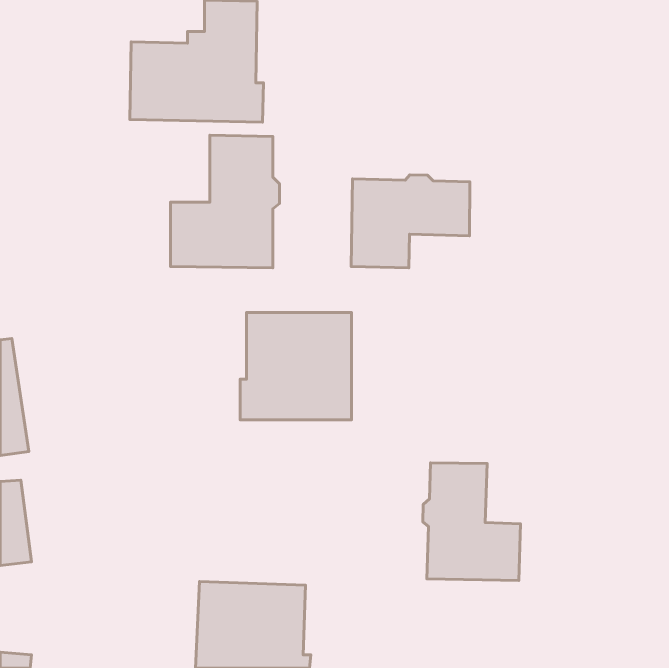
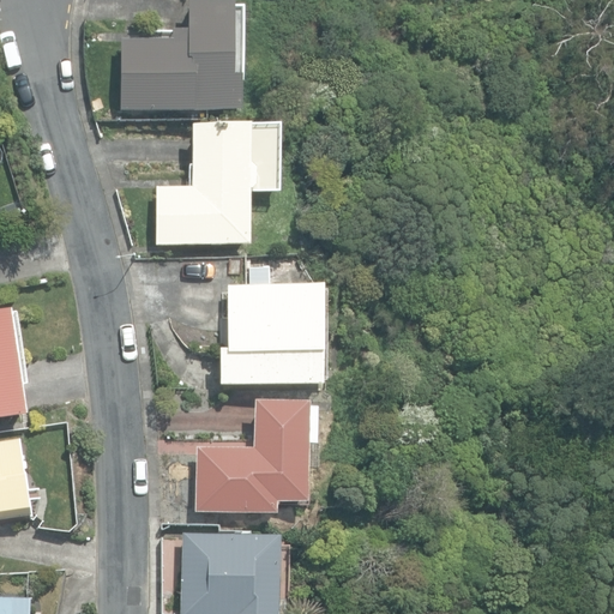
building: [351,175,470,268] -> none
building: none -> [195,399,317,511]
building: [423,463,520,581] -> none

